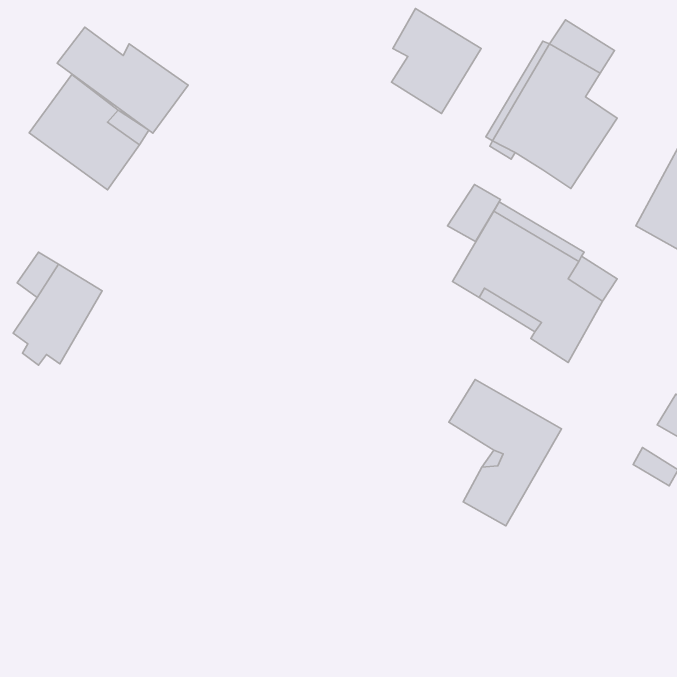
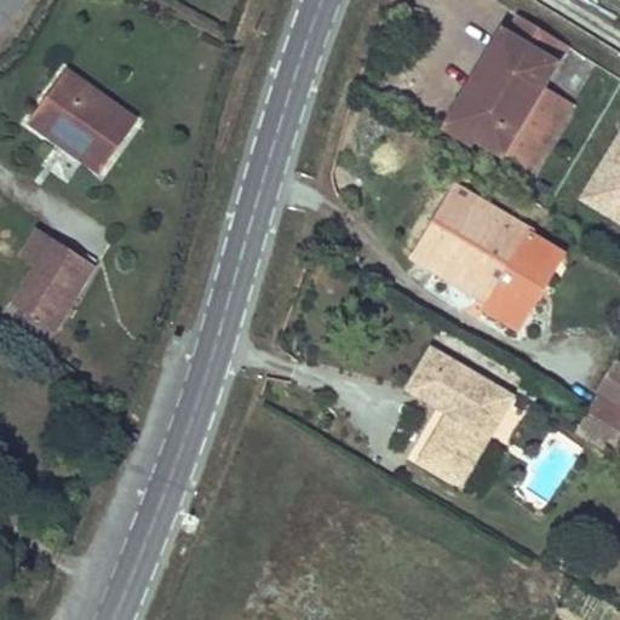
building: [392,8,481,114] -> none
building: [57,27,188,133] -> none
building: [447,185,500,242] -> none

